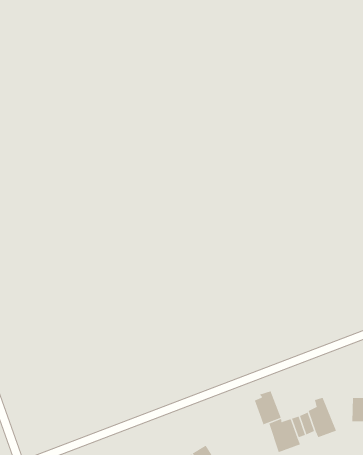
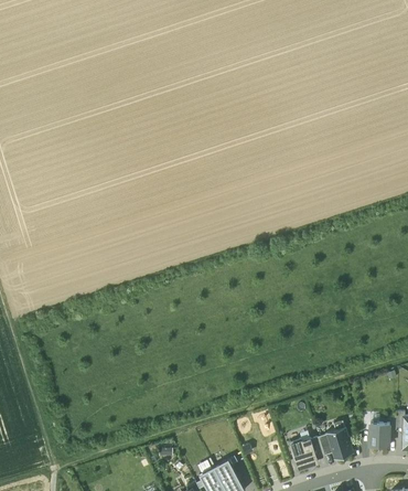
building: [254,391,282,425] -> none

